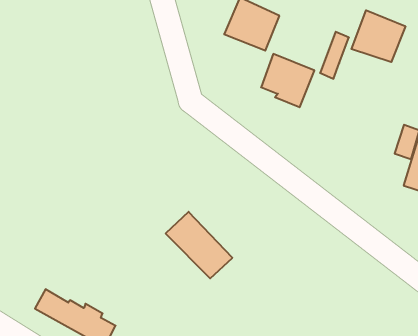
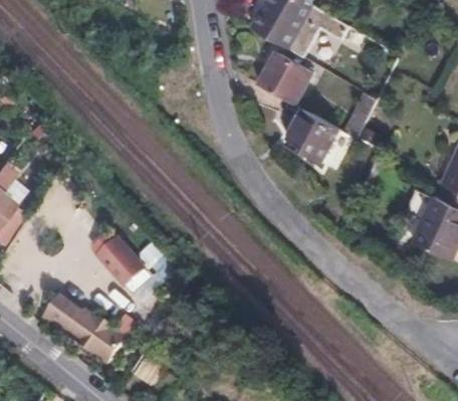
building: [351,10,405,62] -> none
building: [166,212,232,278] -> [91,229,152,294]

